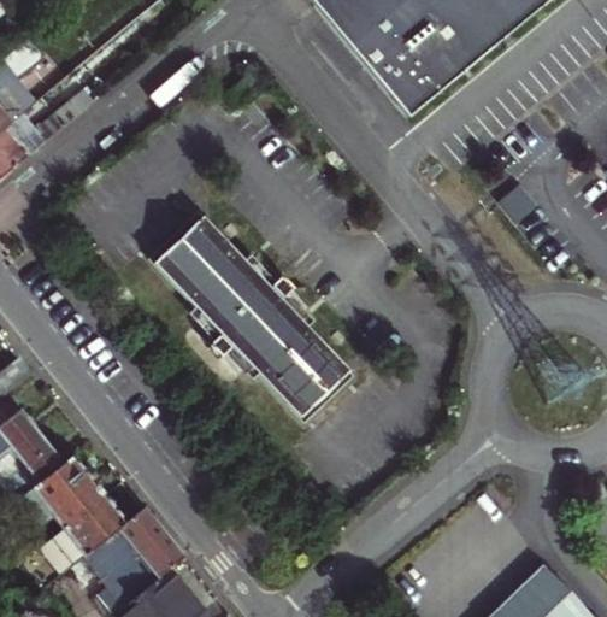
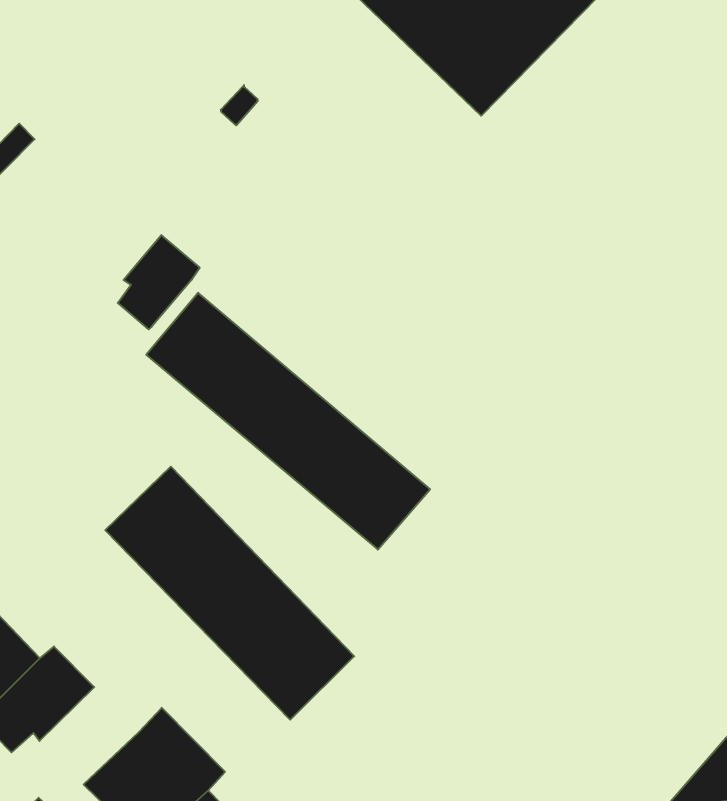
building: none -> [118,235,200,329]
building: none -> [105,467,354,720]
building: [53,488,125,556] -> none

